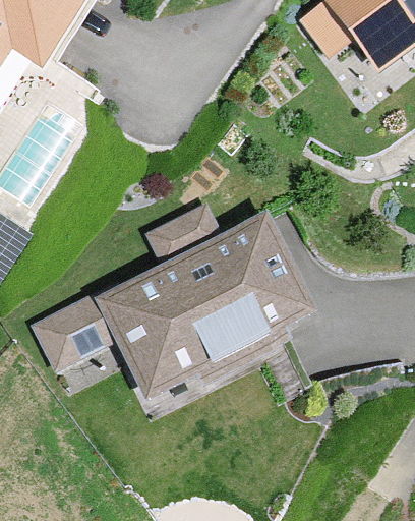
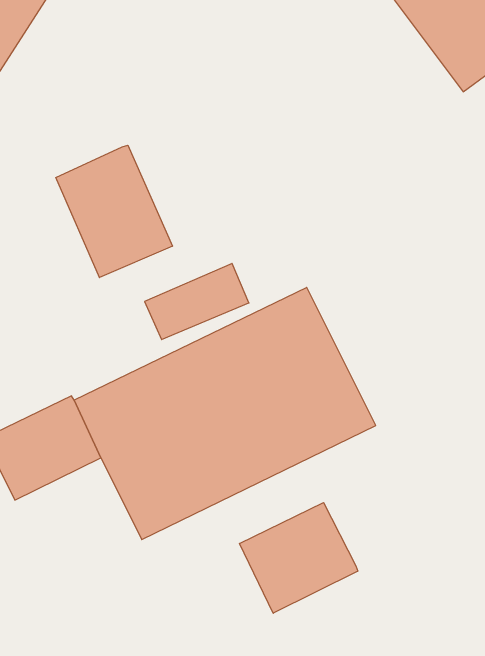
building: none -> [56,145,172,278]
building: none -> [240,503,358,613]

